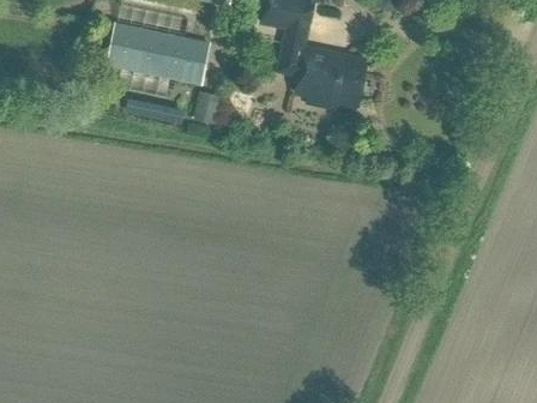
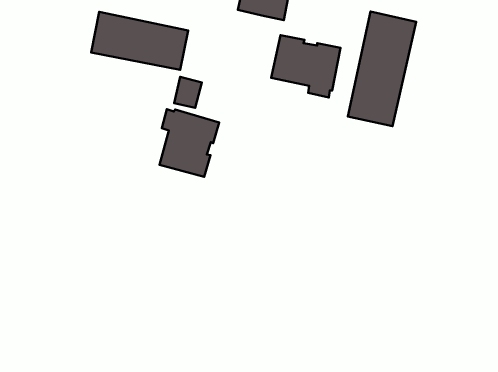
building: none -> [348,12,416,126]
building: none -> [159,109,219,177]

